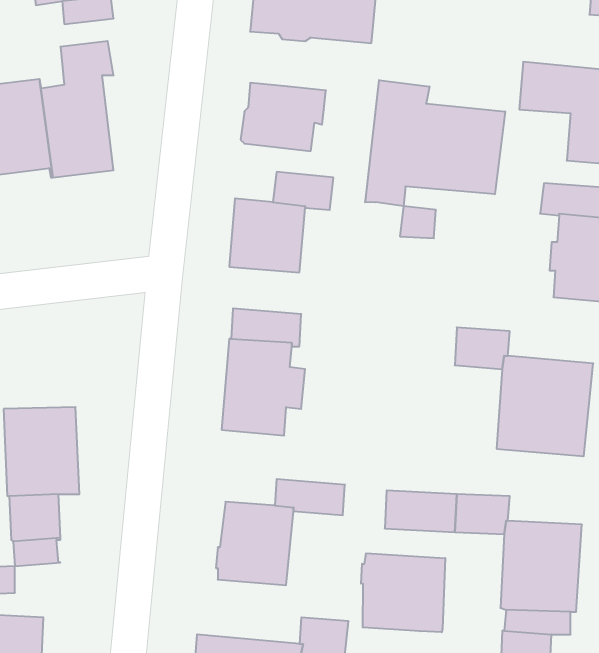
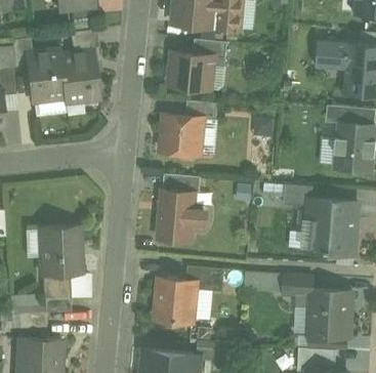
building: none -> [193,39,226,68]
building: [365,80,505,206] -> none
building: [361,553,445,632] -> none

